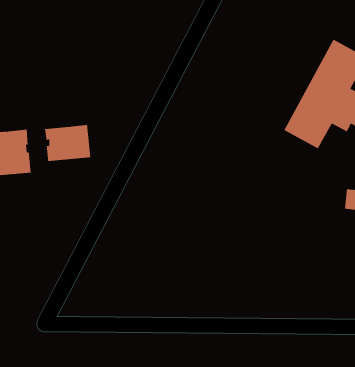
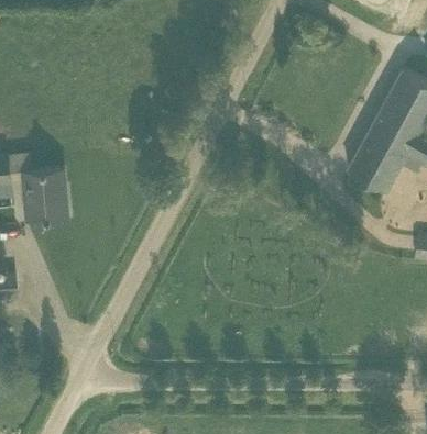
building: [45,124,91,162] -> none

